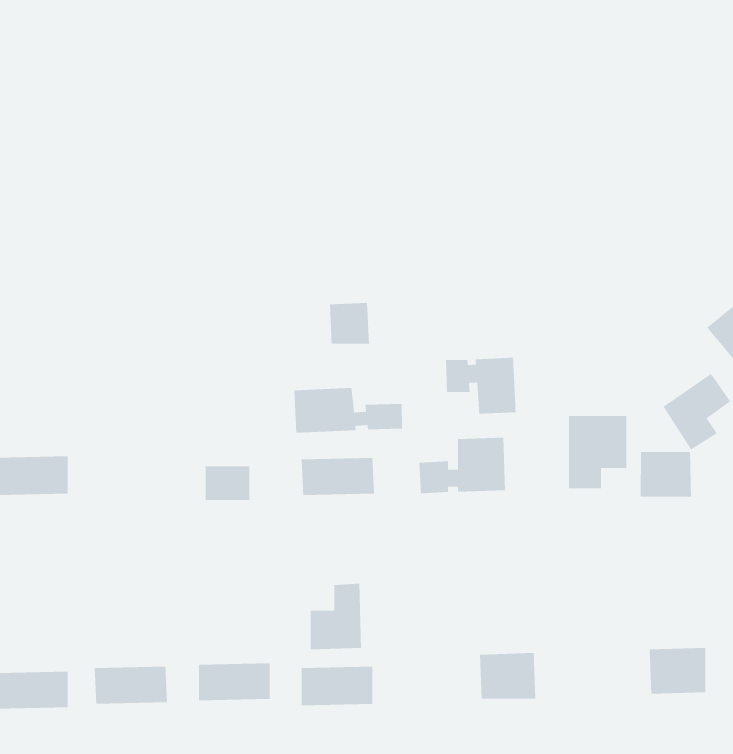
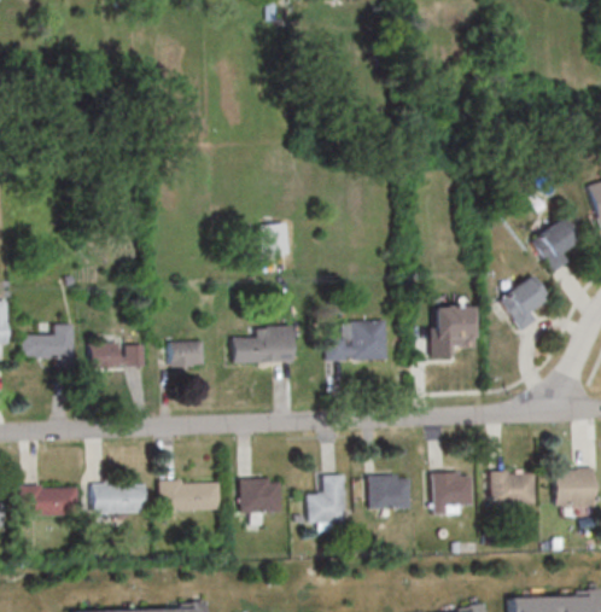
building: [445,357,516,414] -> none
building: [293,387,403,433] -> none
building: [640,451,692,497] -> none
building: none -> [92,343,146,367]
building: [310,583,362,650] -> [307,474,344,523]
building: none -> [431,471,473,506]

